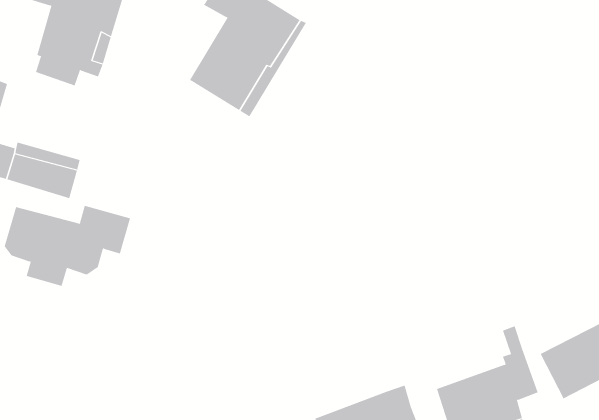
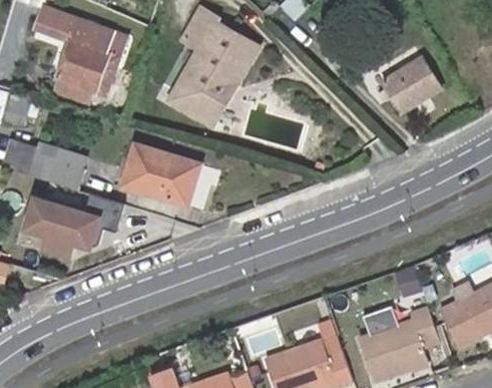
building: none -> [381,56,436,108]
building: none -> [123,144,200,206]

